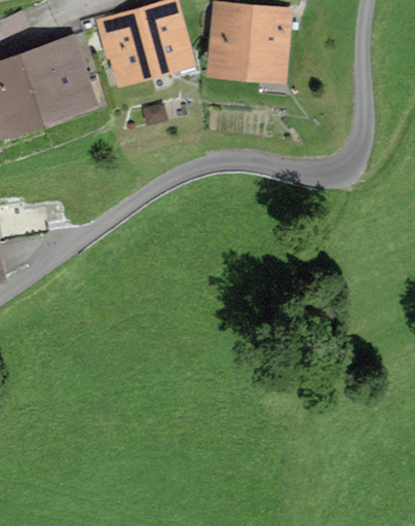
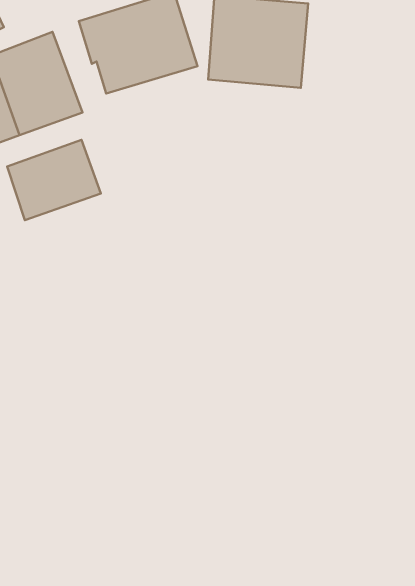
building: none -> [7,140,101,220]

